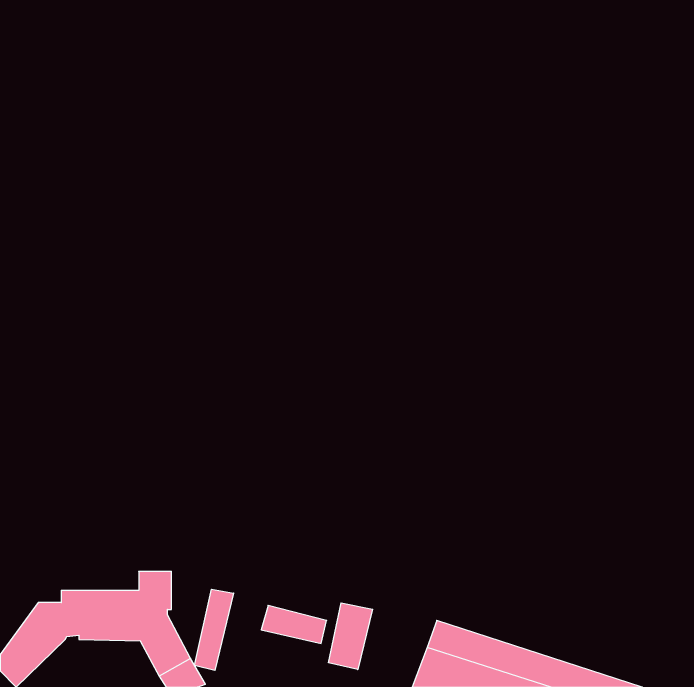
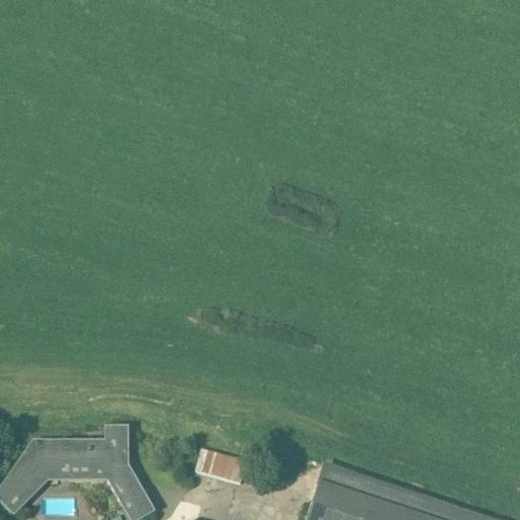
building: [195,589,234,670] -> none
building: [329,603,373,670] -> none

